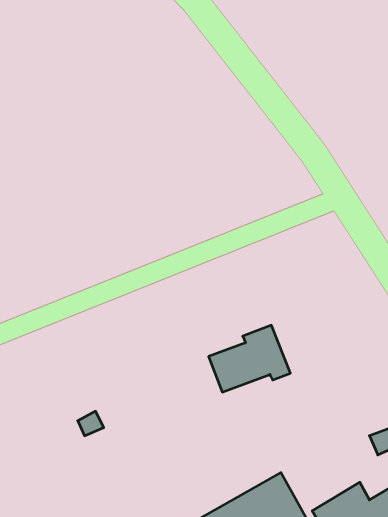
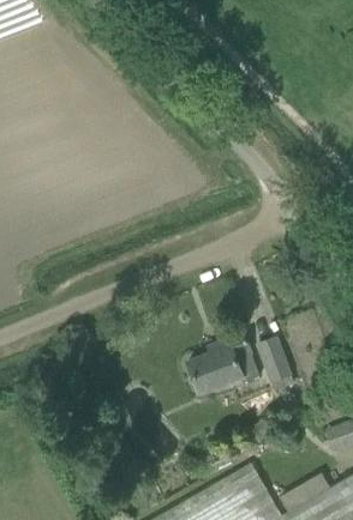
building: none -> [258,339,293,392]

